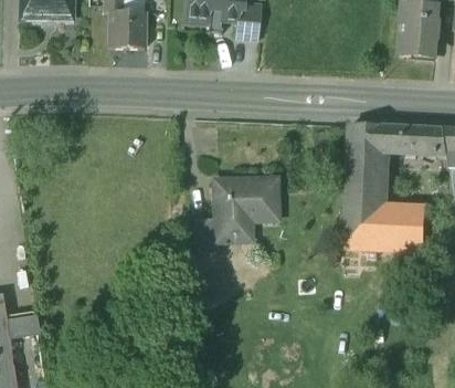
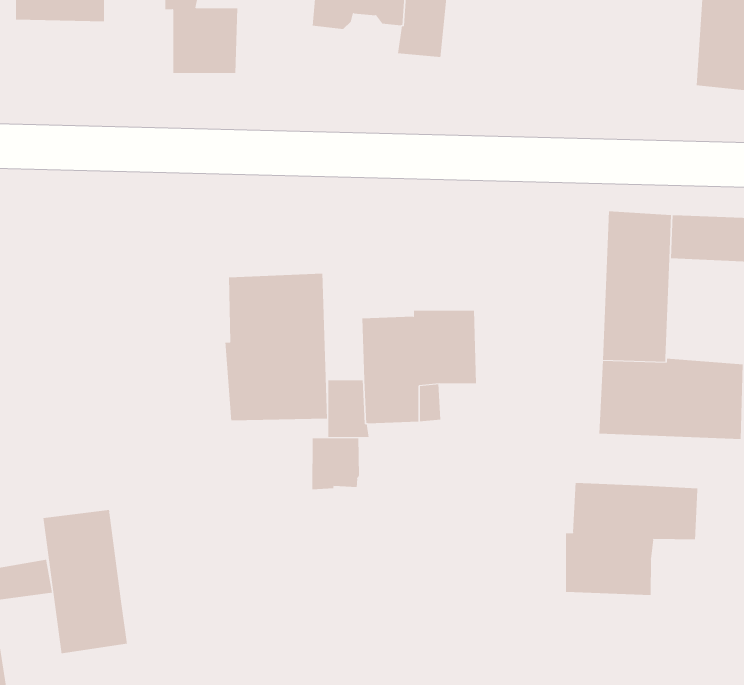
building: none -> [225,273,328,421]
building: none -> [312,438,359,490]
building: none -> [565,482,698,596]
building: none -> [43,509,127,654]

